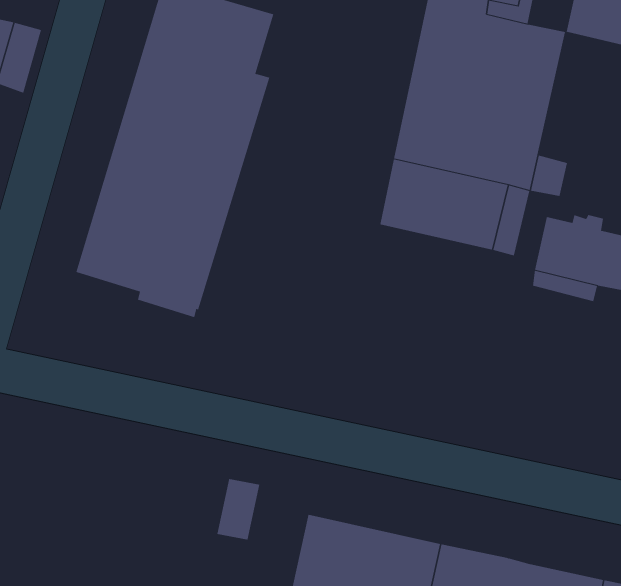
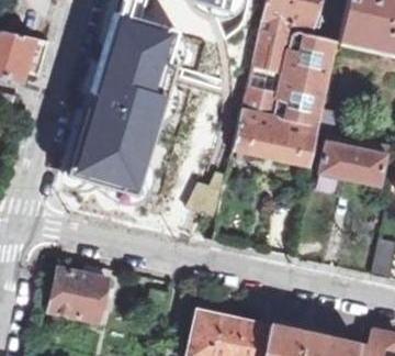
building: none -> [49,268,109,321]

